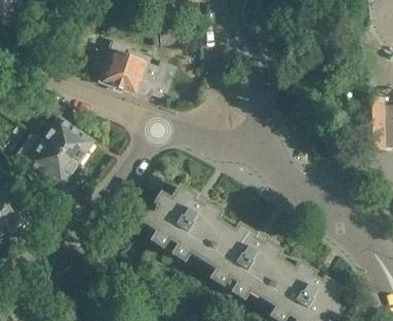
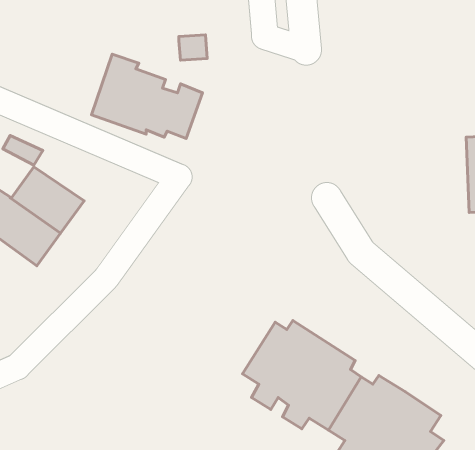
building: [142,187,226,262] -> none

